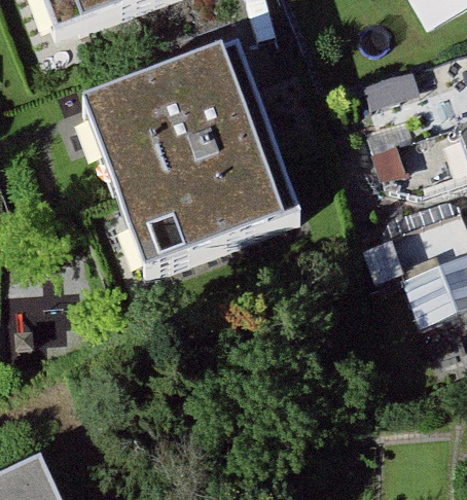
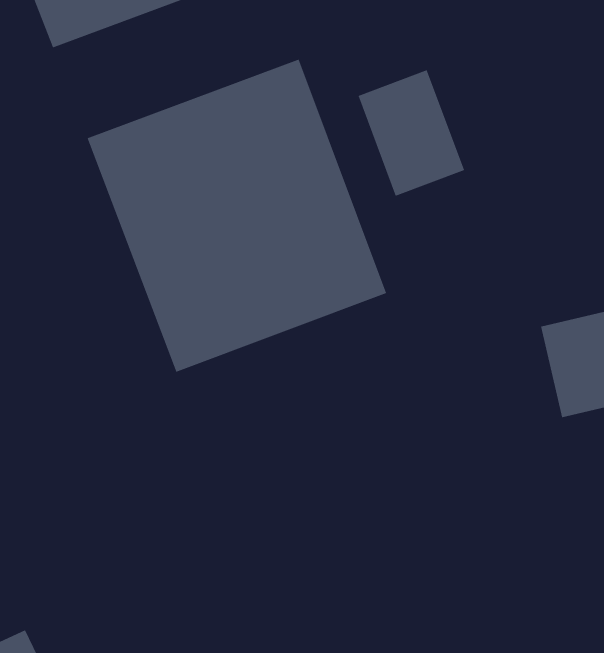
building: none -> [357,69,465,197]

